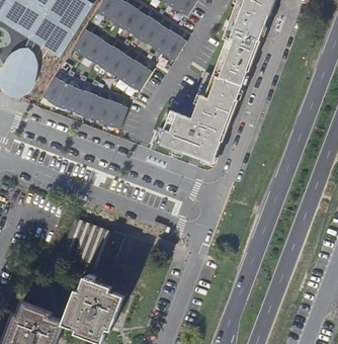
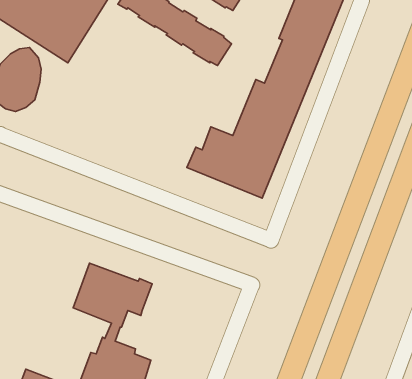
building: [74,29,152,91] -> none
building: [44,77,128,128] -> none

